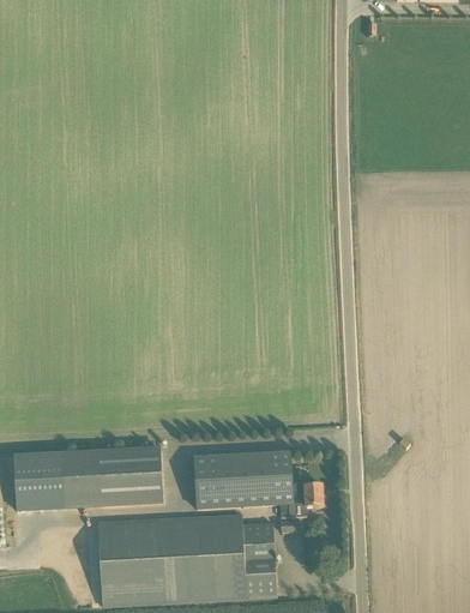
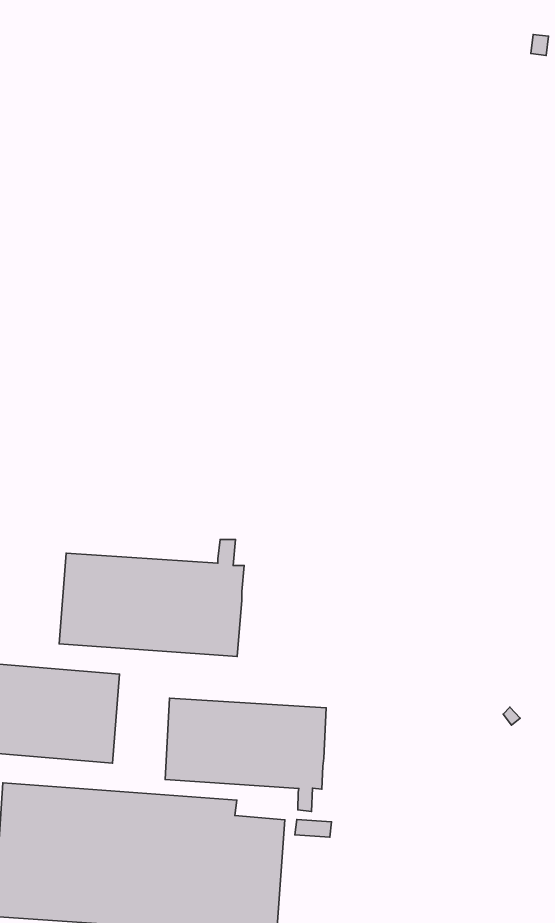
building: none -> [59,539,244,656]
building: [288,485,323,517] -> none

